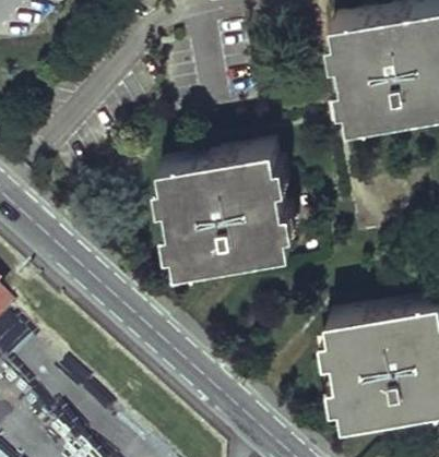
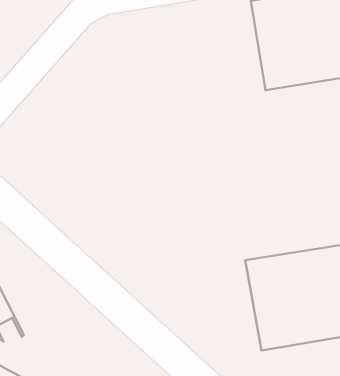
building: [155,154,285,276] -> none

